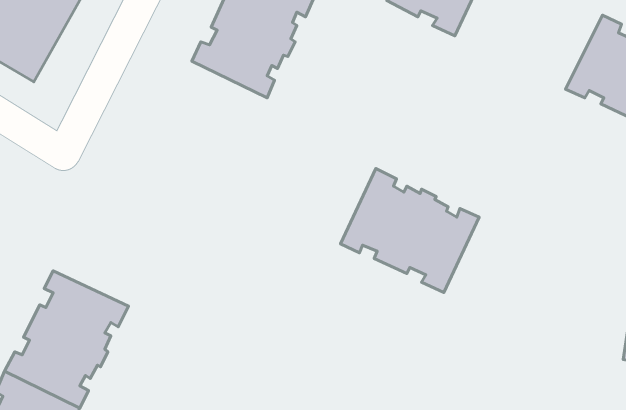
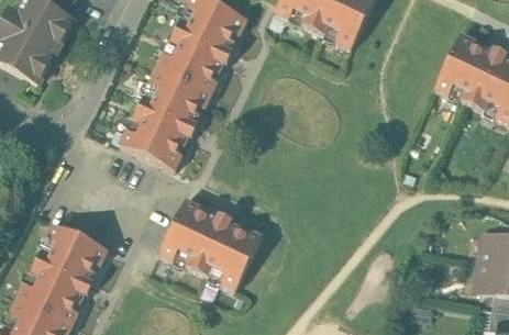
building: none -> [119,67,211,169]
building: [340,168,479,293] -> [158,198,262,290]

